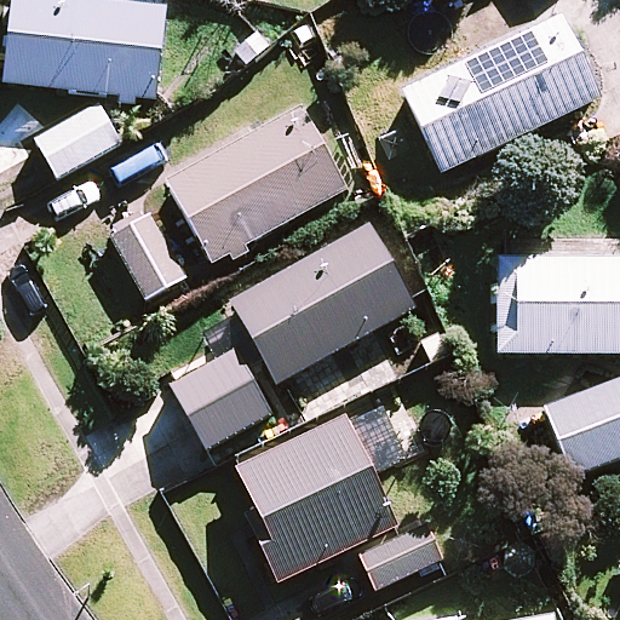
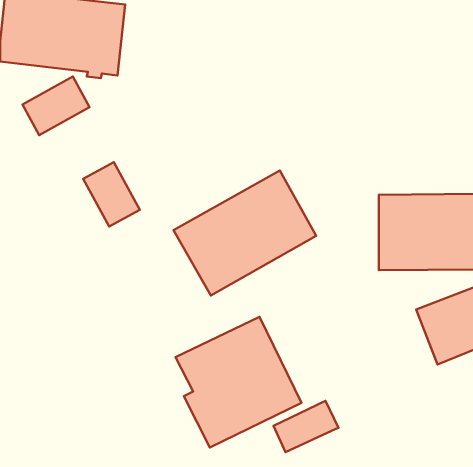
building: [401,12,598,172] -> none
building: [165,105,345,263] -> none
building: [172,346,272,447] -> none

